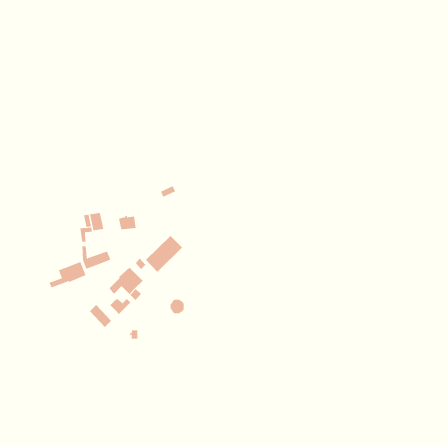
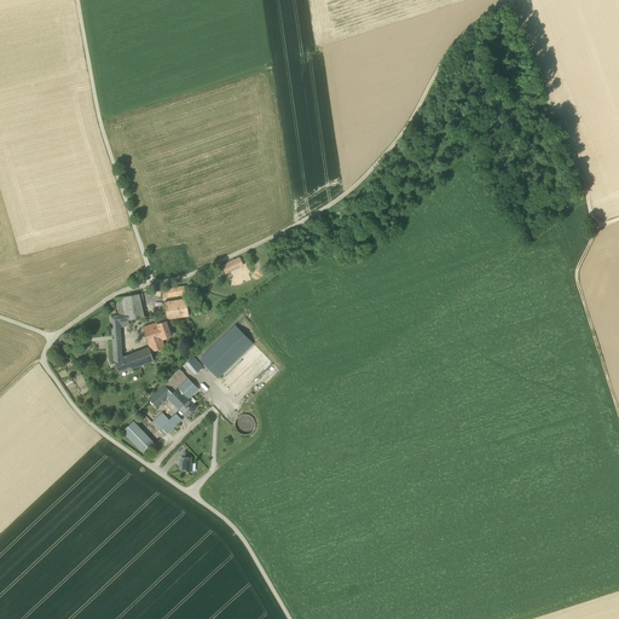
building: none -> [143,320,170,352]
building: [49,261,86,288] -> none

